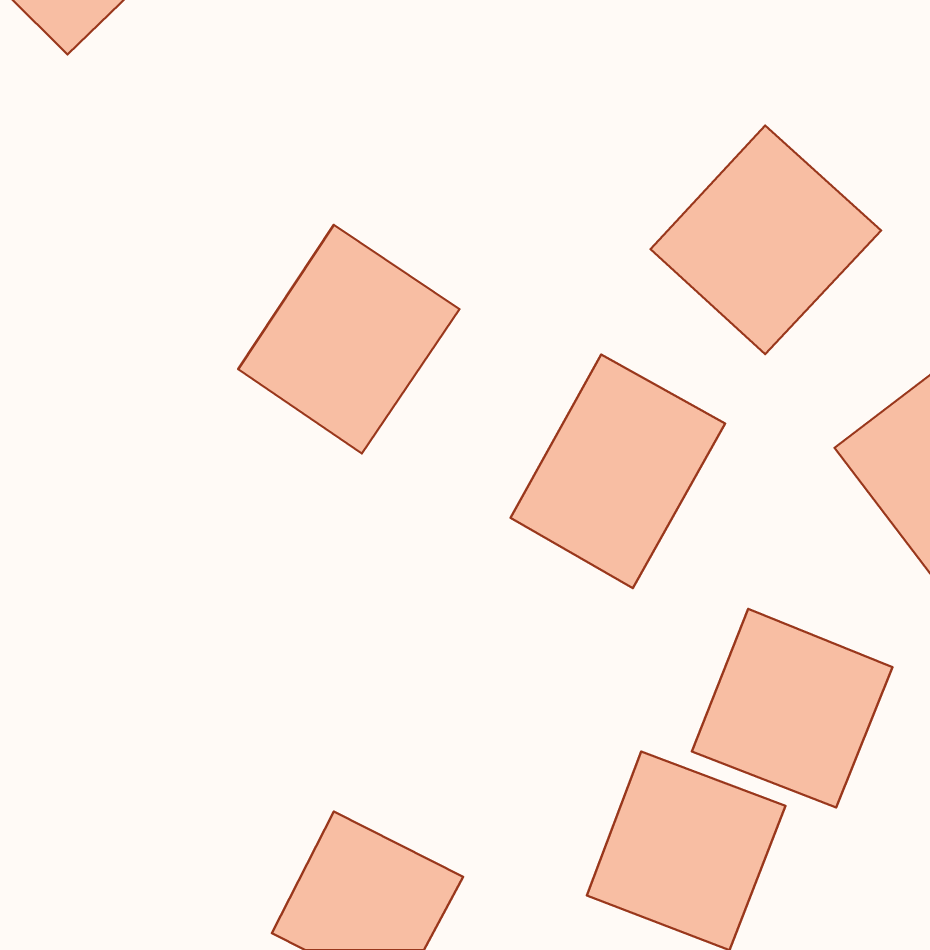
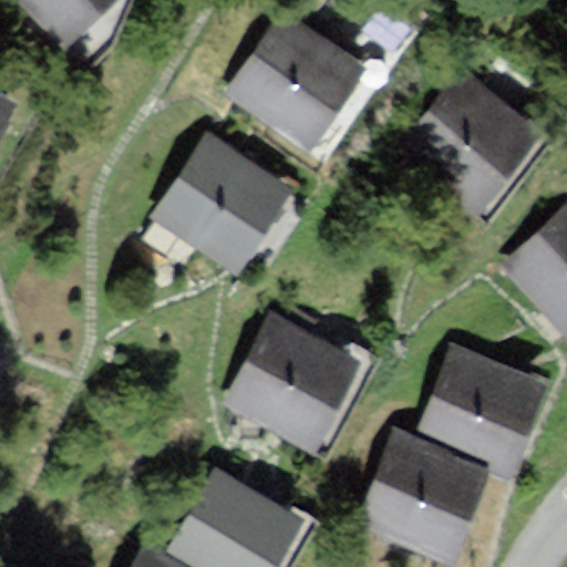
building: none -> [233,18,362,148]
building: [510,354,725,588] -> none
building: none -> [233,321,359,449]

